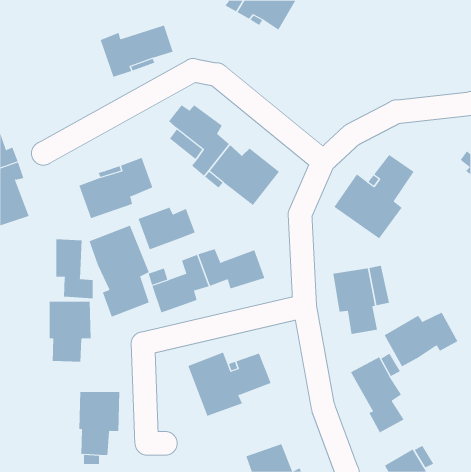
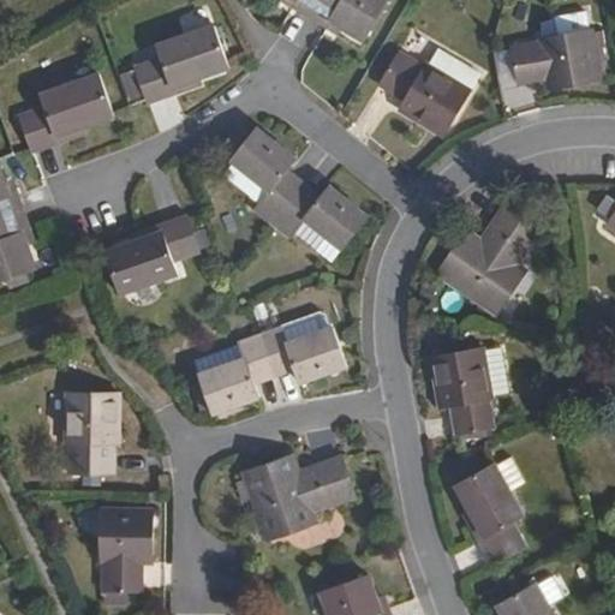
building: none -> [509,30,601,88]
building: none -> [380,48,479,135]
building: none -> [13,83,112,150]
building: [138,207,196,250] -> none
building: [89,225,150,318] -> none
building: [56,239,93,299] -> none
building: [384,312,458,367] -> none

